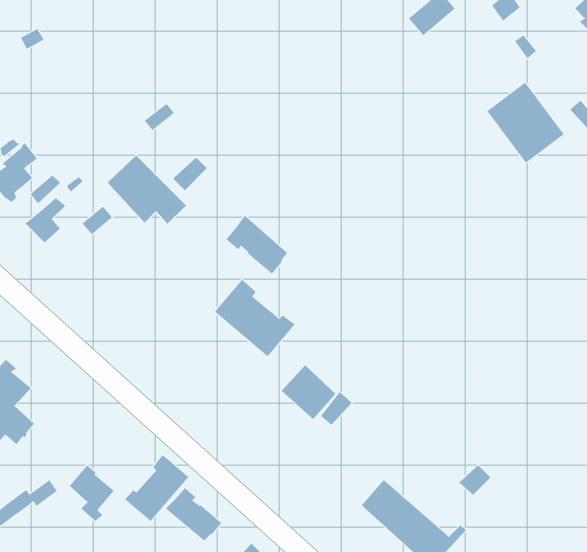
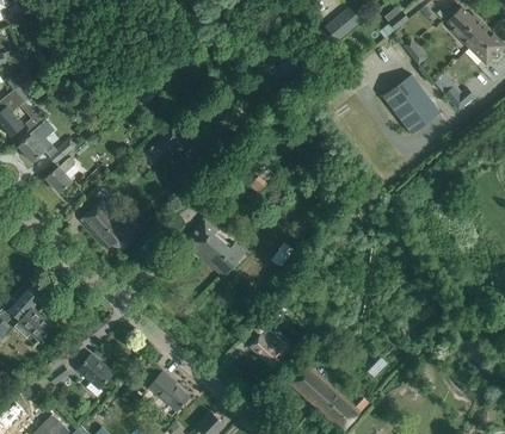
building: [107,155,187,225] -> [80,199,138,250]
building: [225,215,288,275] -> none
building: [281,365,336,420] -> [250,327,290,367]
building: [124,454,189,522] -> none

